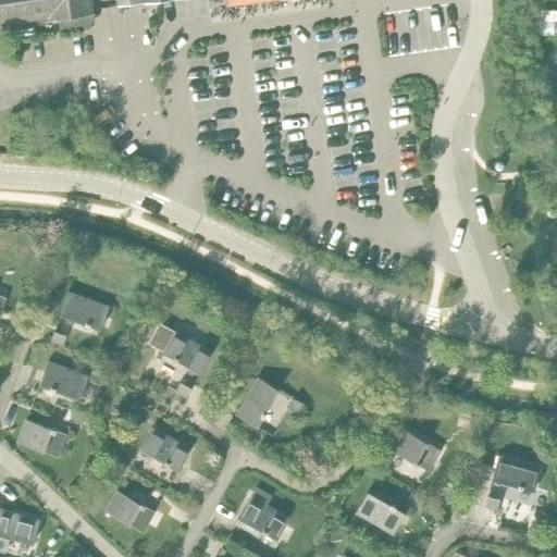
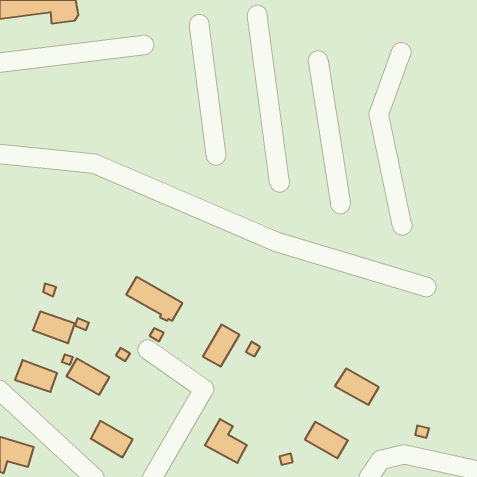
building: [60,294,108,330] -> none
building: [140,429,190,471] -> [66,358,109,395]
building: [492,457,540,492] -> none

